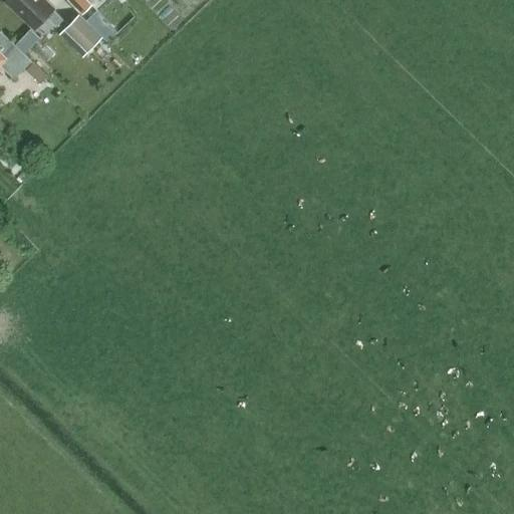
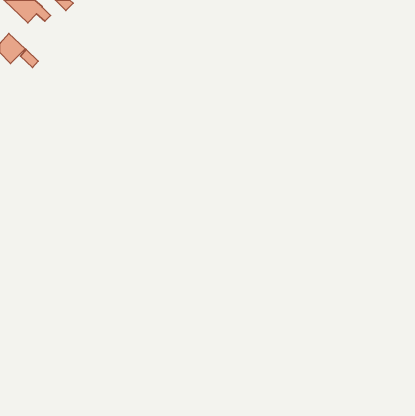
building: [64,14,101,50] -> none

